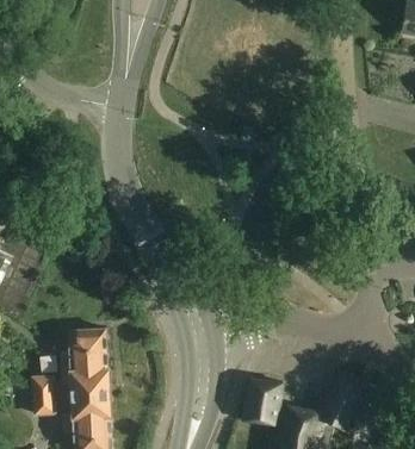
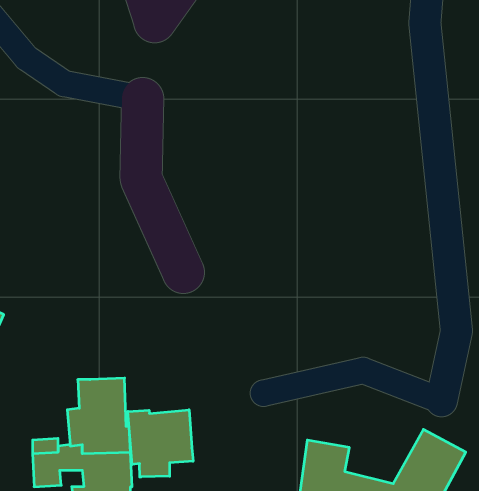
building: none -> [128,410,193,477]

